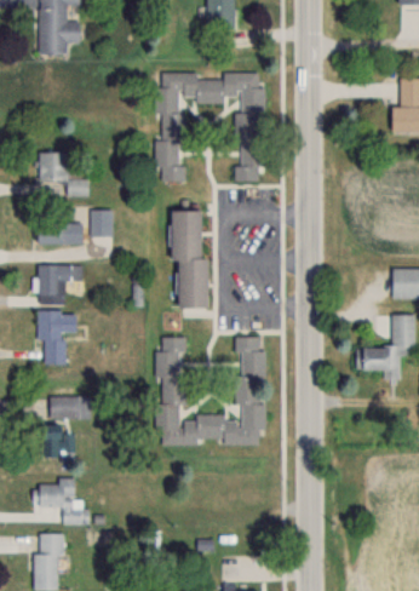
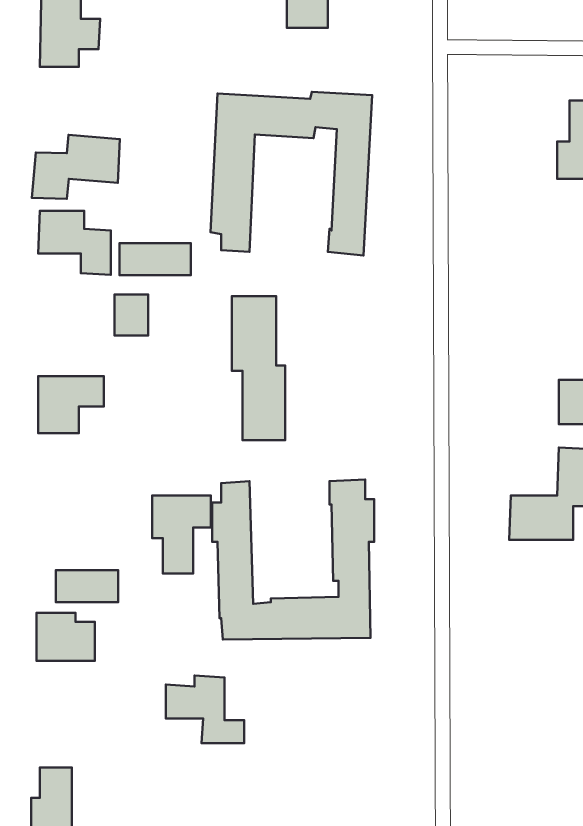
building: none -> [32,135,120,199]
building: [34,223,82,245] -> [120,243,191,275]
building: [36,311,76,365] -> [152,495,211,574]
building: [38,477,91,523] -> [166,676,244,743]

